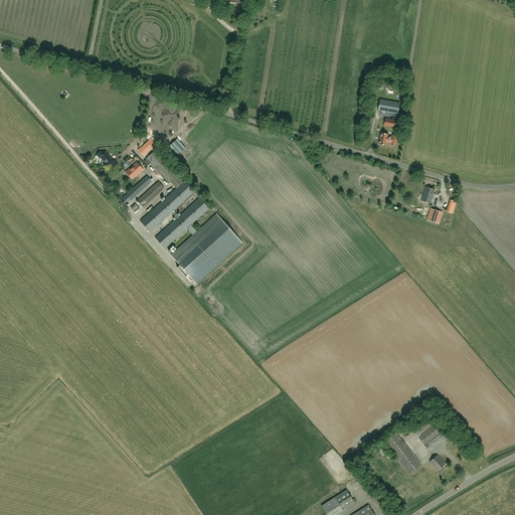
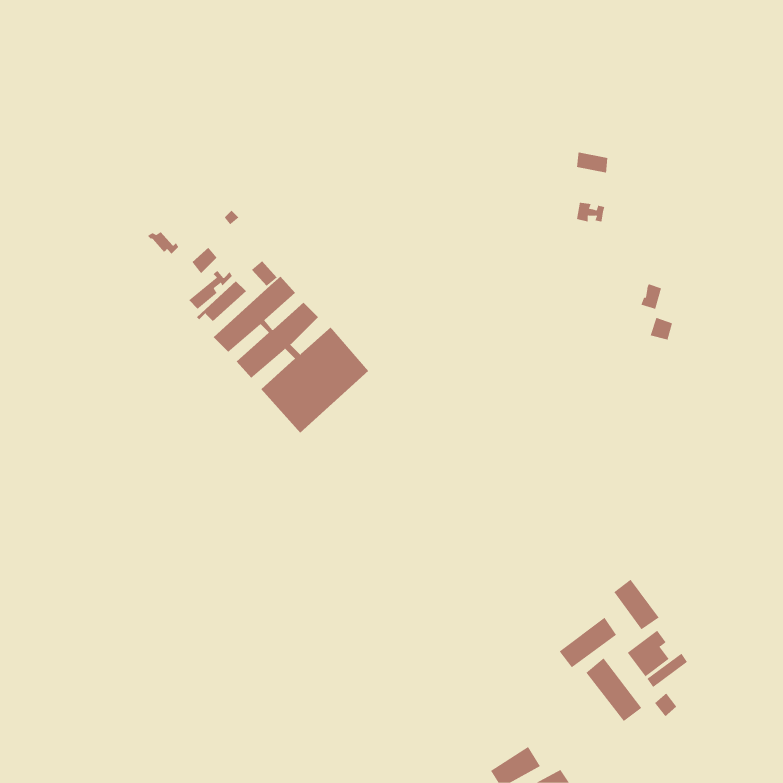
building: none -> [614,579,660,630]
building: none -> [559,617,617,668]

